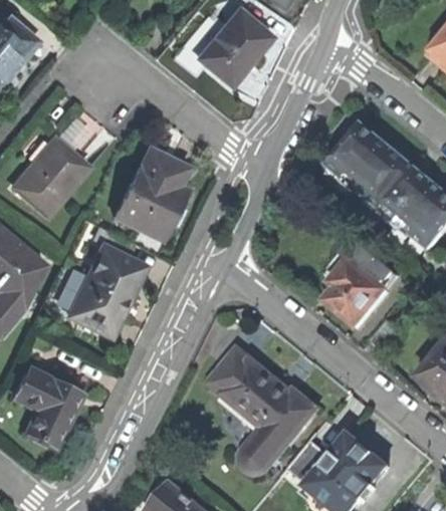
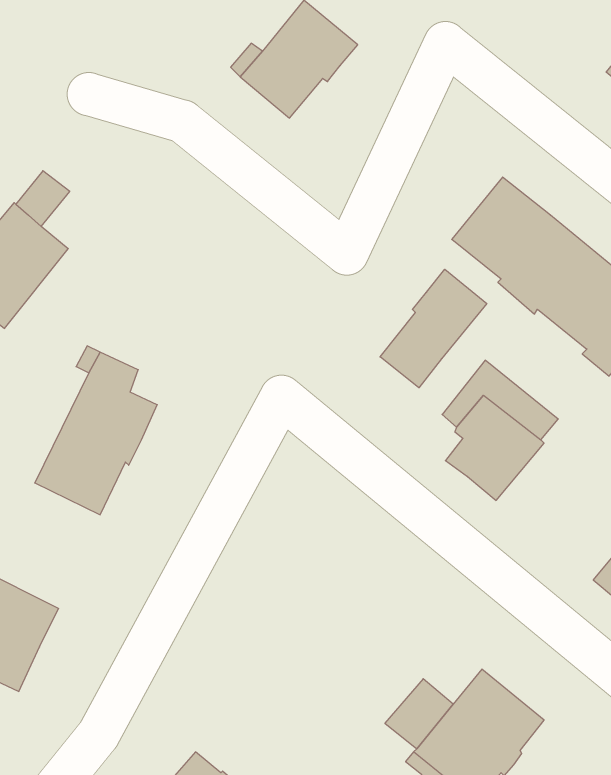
building: [112,150,188,241] -> none
building: none -> [380,269,487,388]
building: [208,346,317,473] -> none

